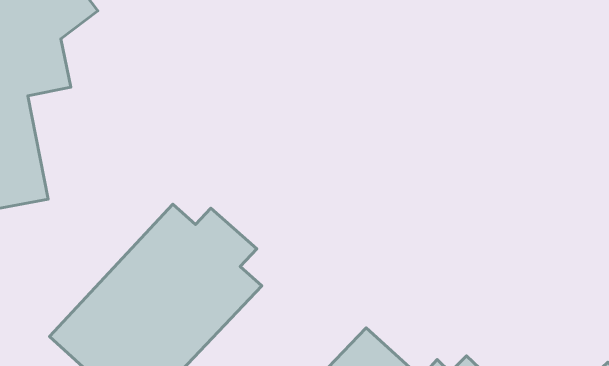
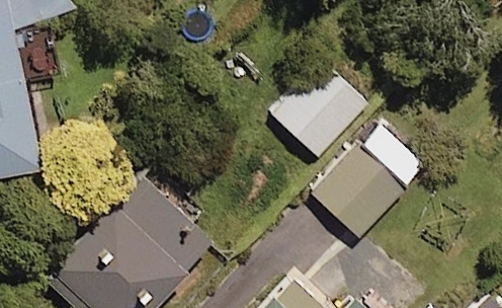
building: none -> [272,63,365,157]
building: none -> [312,125,424,239]

